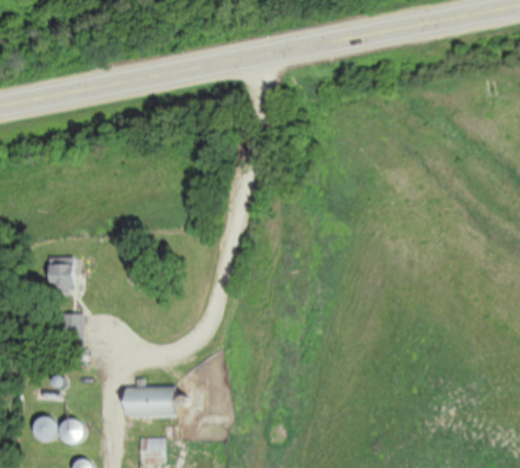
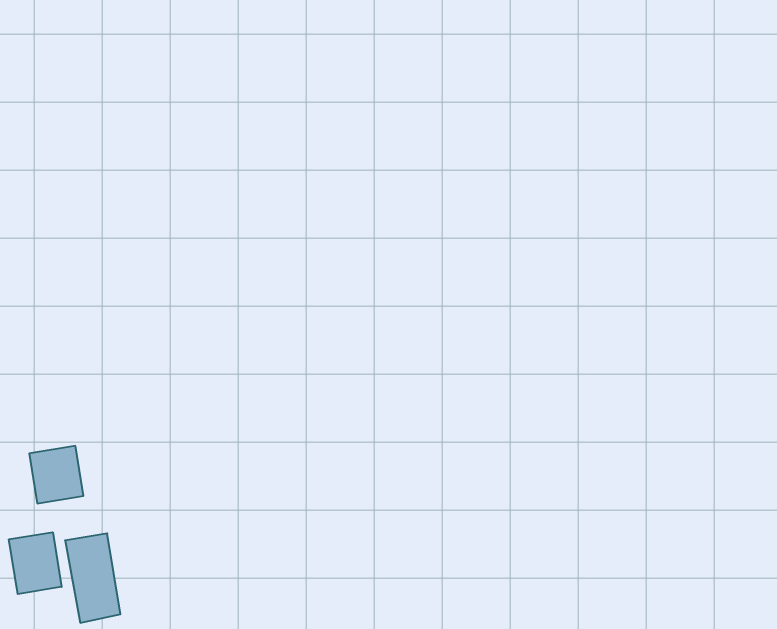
building: none -> [9,532,62,594]

